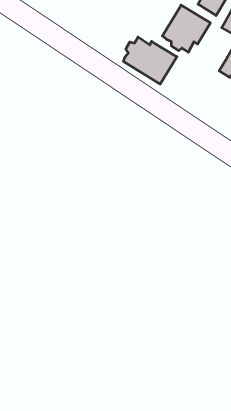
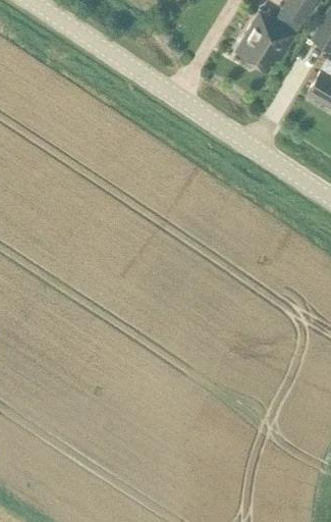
building: [123,37,177,84] -> none

